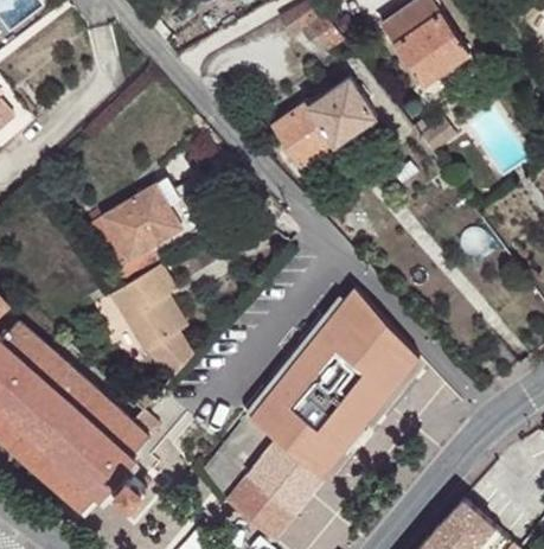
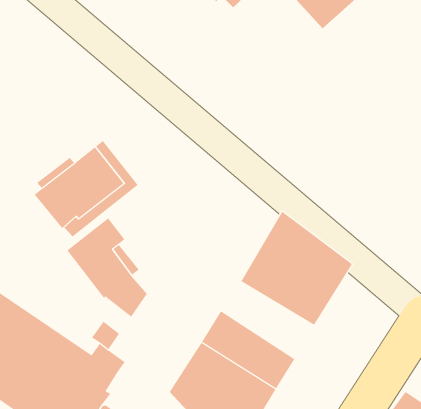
building: [271,79,377,168] -> none
building: [273,353,375,447] -> none

